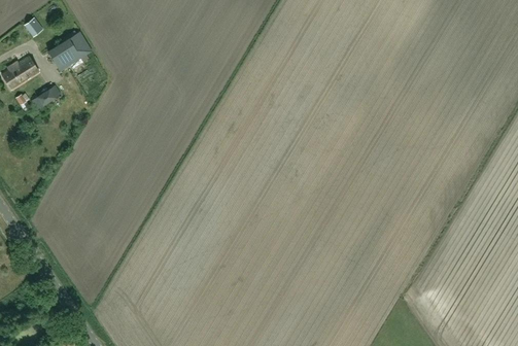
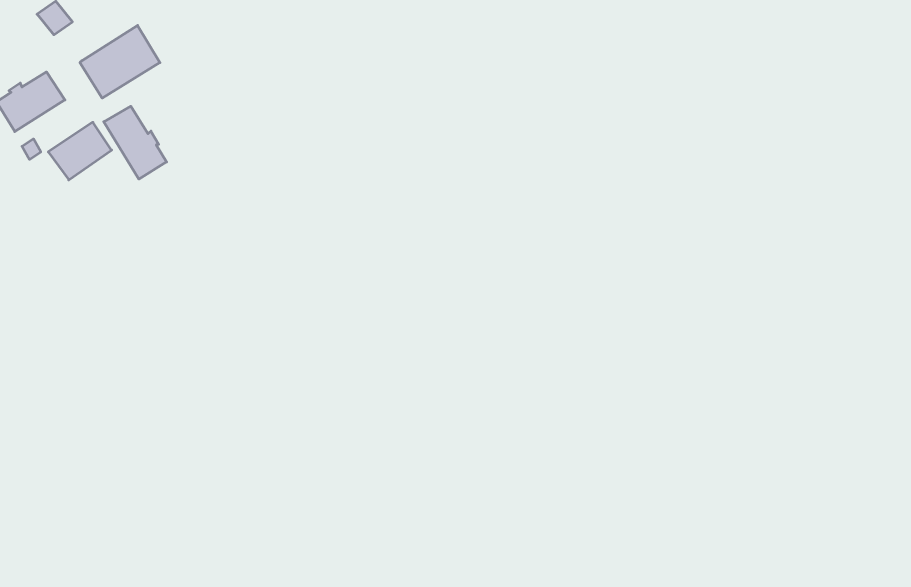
building: none -> [104,106,167,179]

